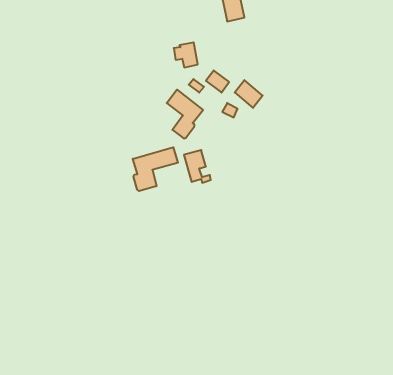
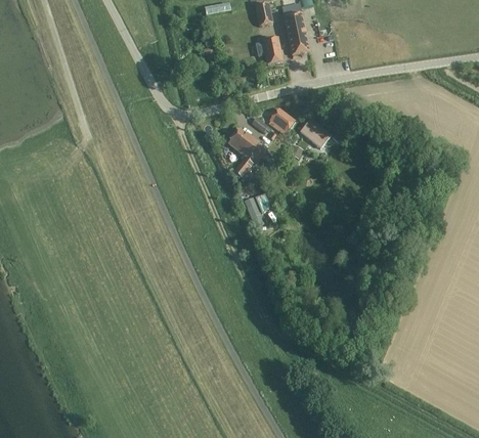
building: [174,42,198,67] -> [257,37,282,63]
building: [133,147,178,191] -> none

